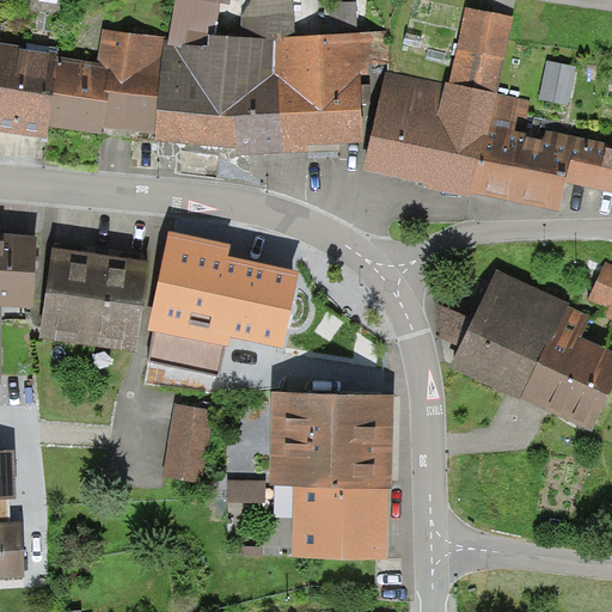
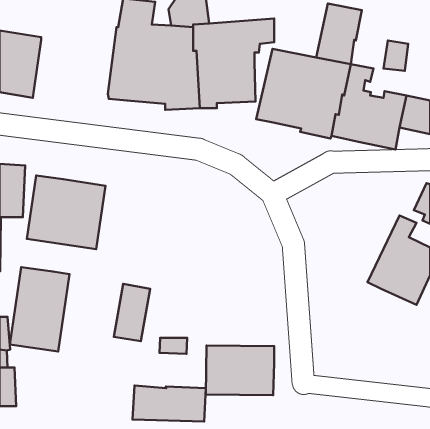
building: [48,27,165,134] -> none
building: [141,231,296,378] -> none
building: [449,268,568,399] -> none
building: none -> [10,267,70,351]
building: [269,394,393,490] -> none
building: none -> [132,385,206,422]

